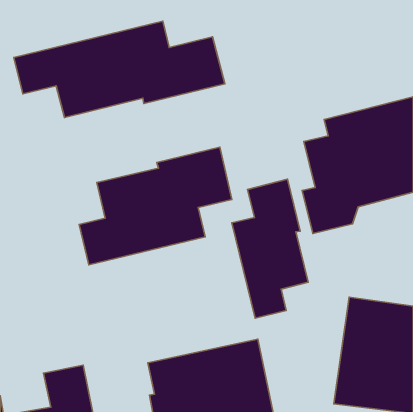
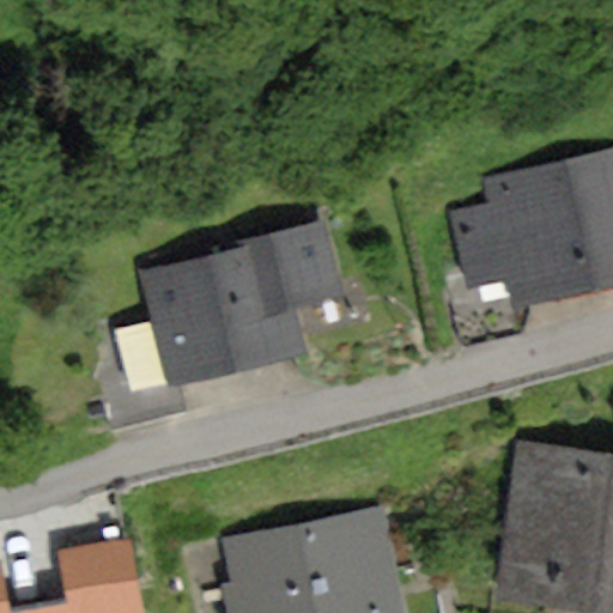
building: [14,21,225,118] -> none
building: [232,179,308,318] -> none

